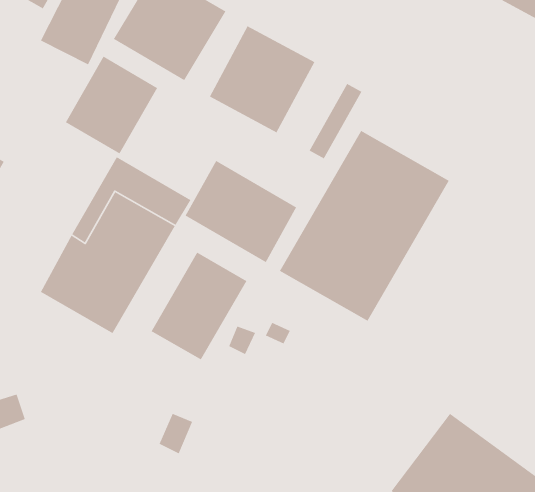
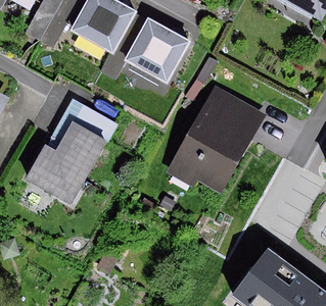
building: [65,56,158,155] -> none
building: [185,160,297,263] -> none
building: [151,252,247,360] -> none

